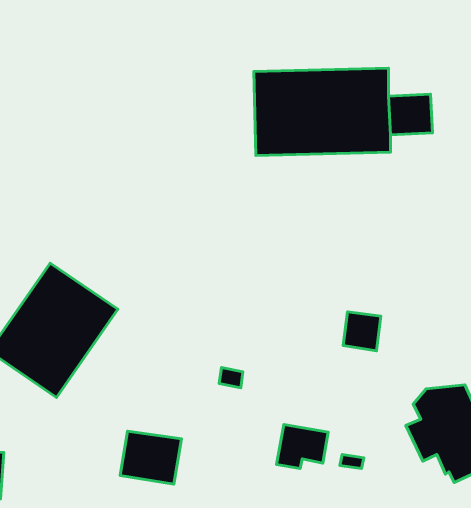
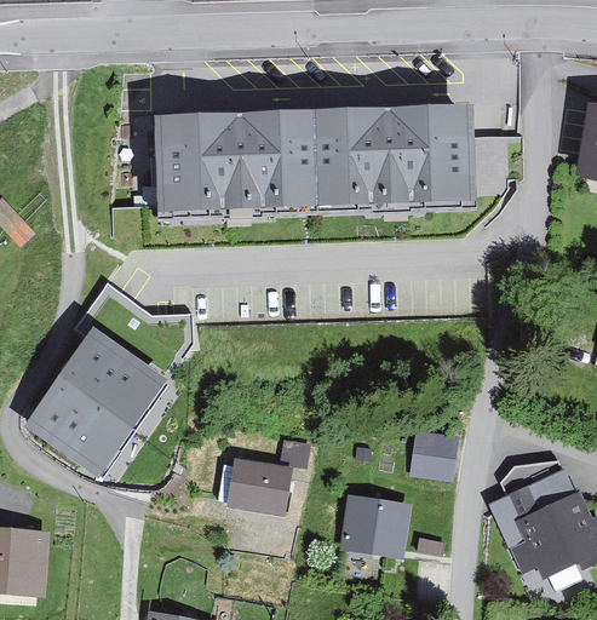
building: none -> [156,110,323,213]
building: [343,312,381,351] -> [413,436,455,480]
building: [120,431,181,484] -> [225,458,294,517]

